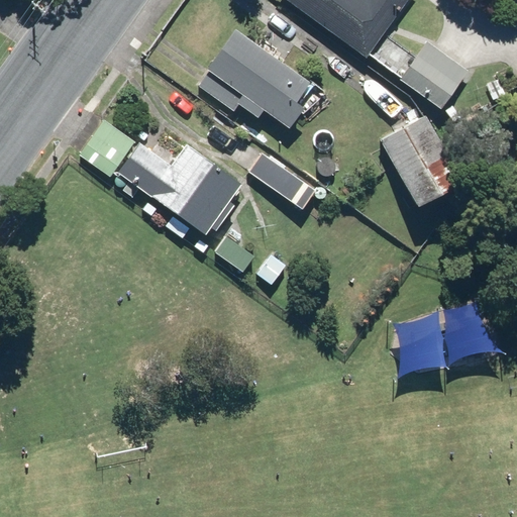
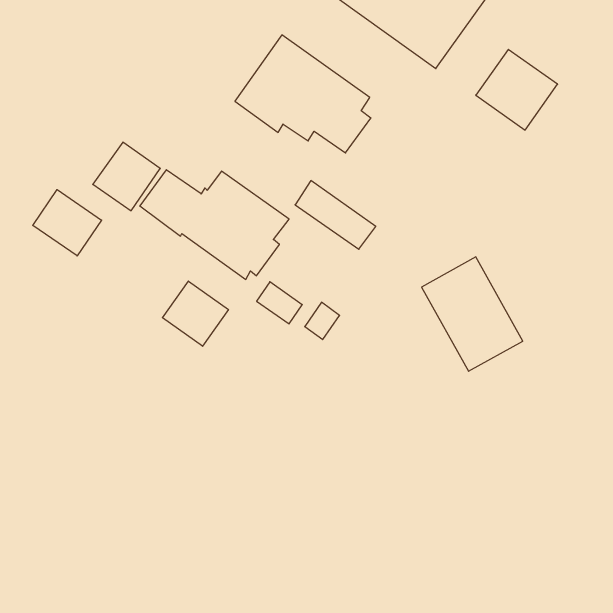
building: [380,113,464,209] -> [422,257,523,371]
building: none -> [33,190,102,256]
building: none -> [162,281,228,346]

